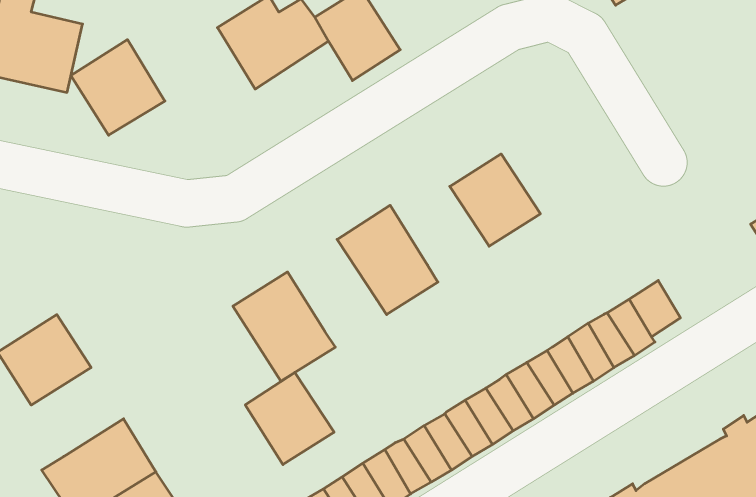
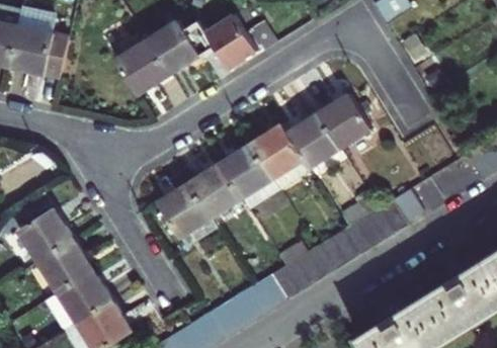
building: [71,40,165,135] -> [114,38,170,95]
building: none -> [316,93,370,149]
building: none -> [250,124,310,189]
building: none -> [37,240,92,292]
building: [245,372,334,465] -> [189,164,242,219]

